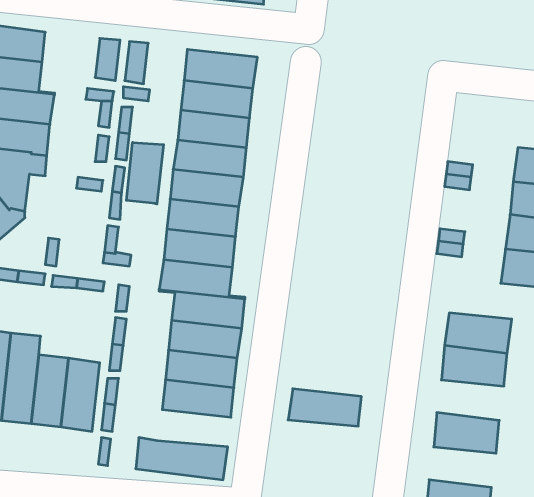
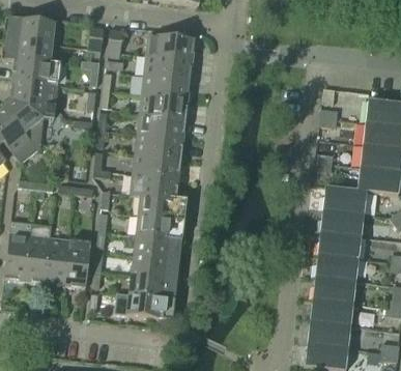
building: [126,142,164,204] -> none
building: none -> [322,187,366,213]
building: none -> [314,254,359,281]
building: [288,389,361,426] -> [128,274,177,298]
building: none -> [309,298,353,325]

